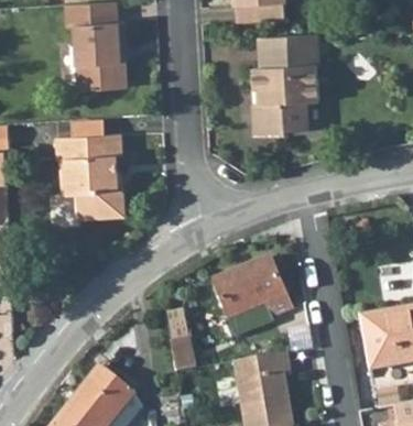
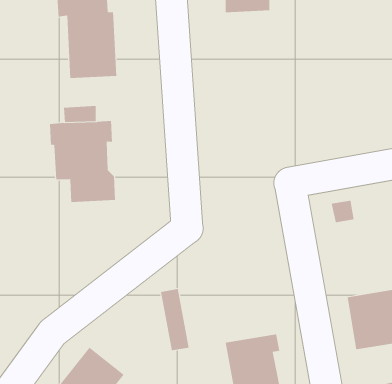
building: [251,35,319,136] -> none
building: [213,256,290,318] -> none

